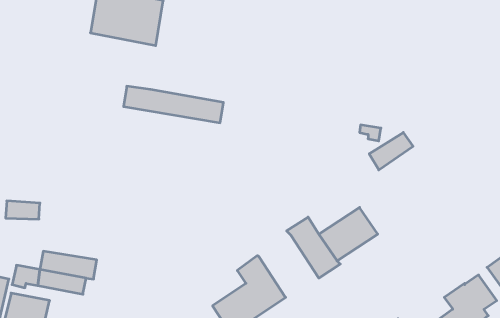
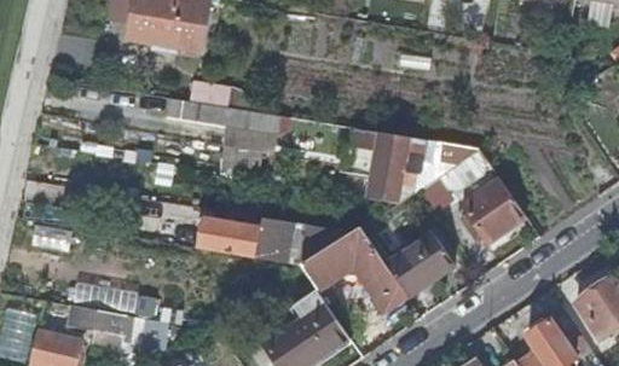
building: none -> [349,128,420,203]
building: none -> [459,178,525,243]
building: none -> [198,211,291,261]
building: none -> [299,226,372,290]

